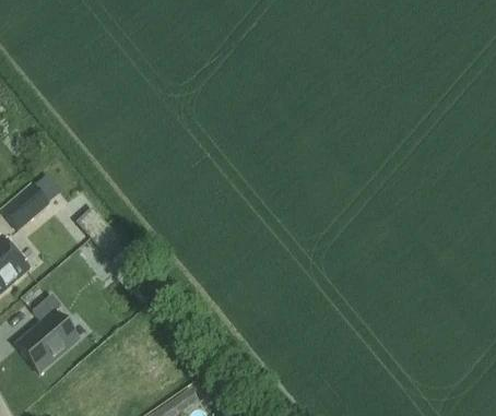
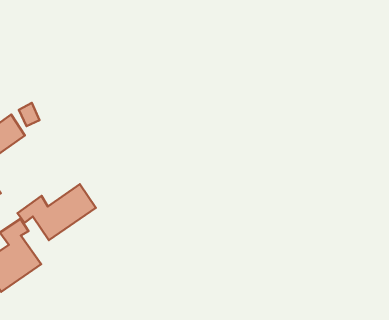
building: none -> [18,184,96,240]

